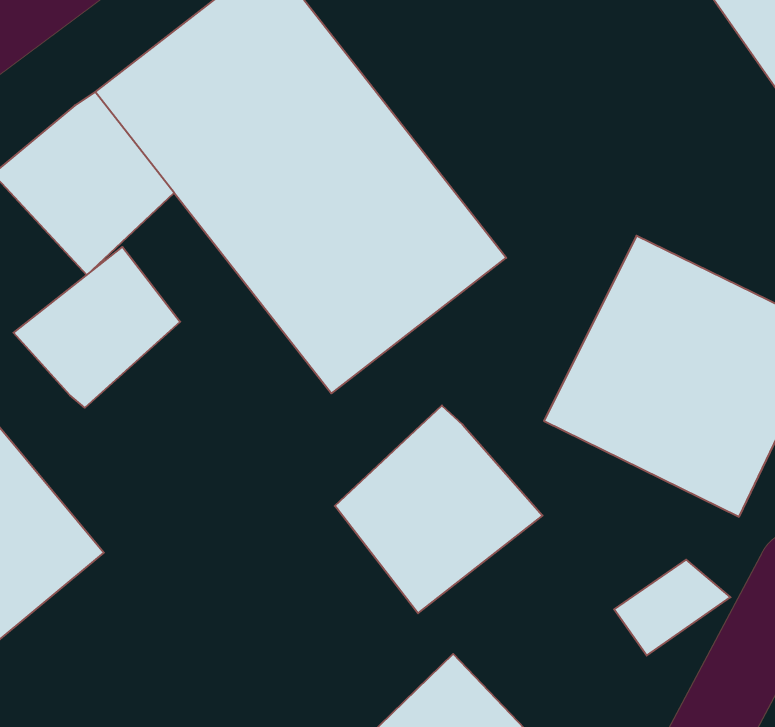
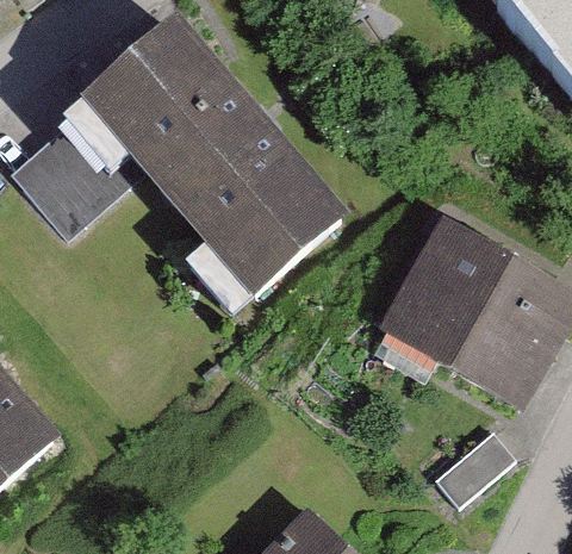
building: [13,247,180,408] -> none
building: [335,405,543,613] -> none

